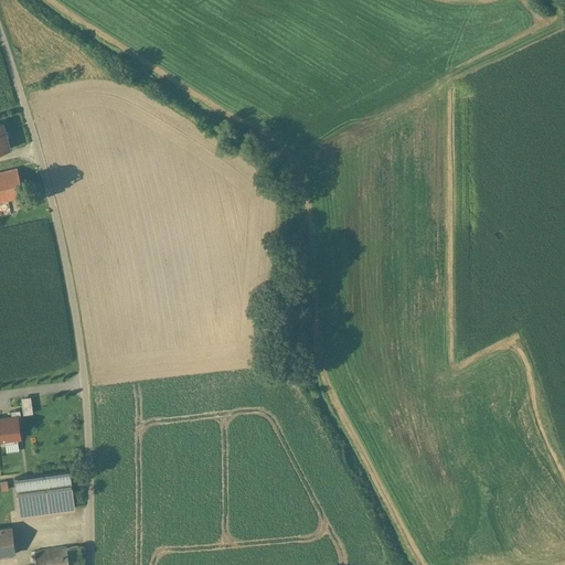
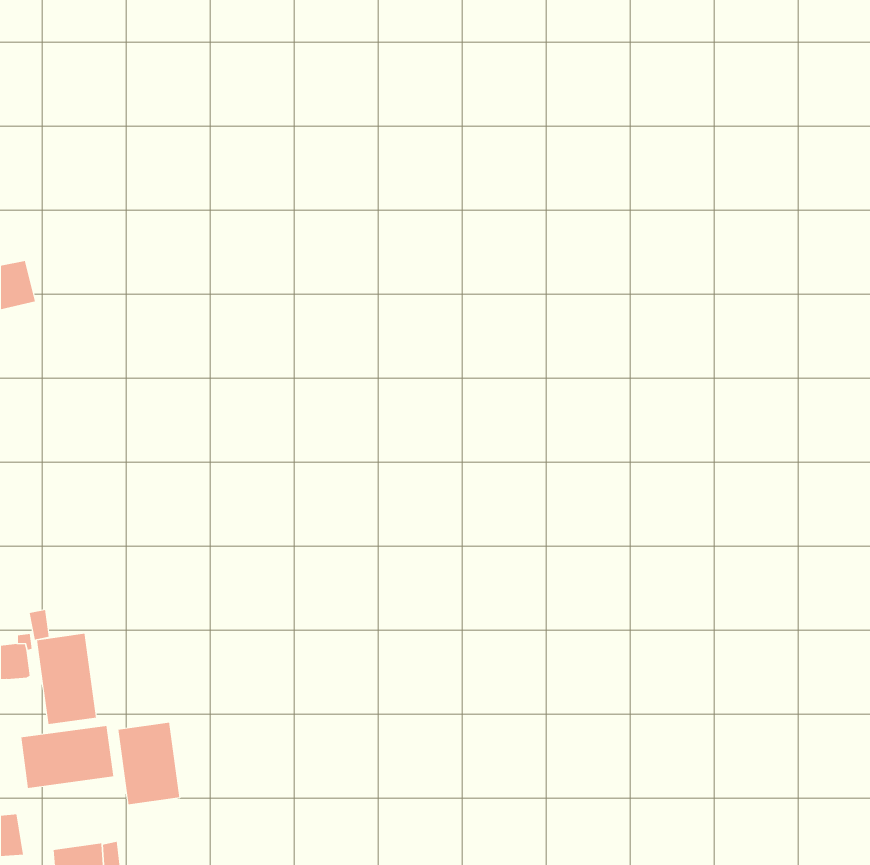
building: none -> [37,633,96,725]
building: none -> [118,722,180,805]

